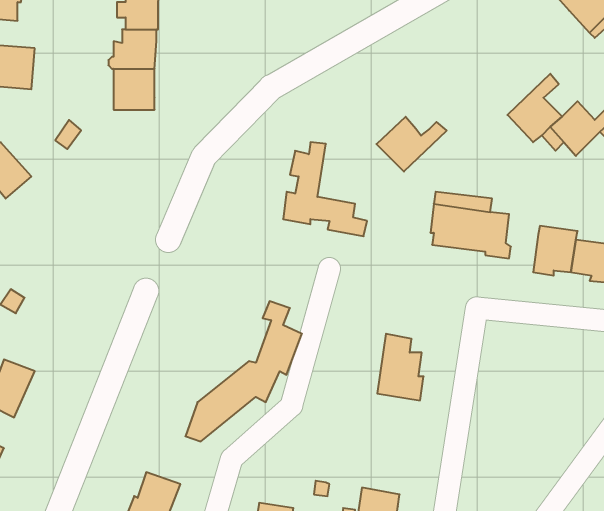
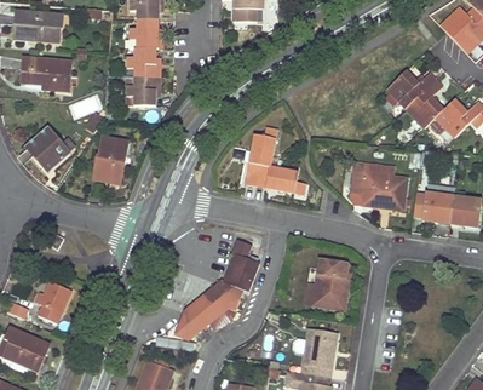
building: [376,117,447,172] -> [385,69,435,108]
building: none -> [93,134,126,183]
building: none -> [301,329,335,377]

